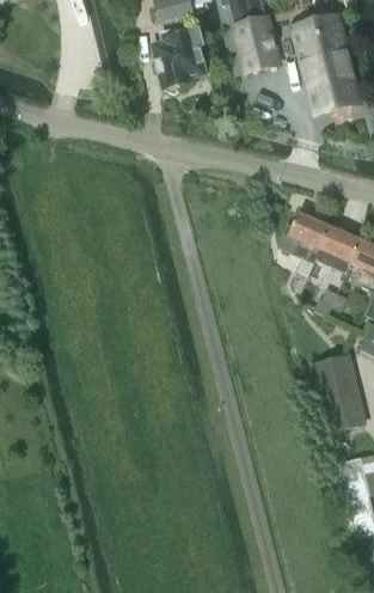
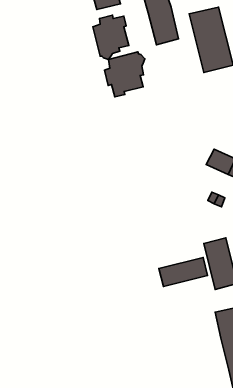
building: none -> [105,52,145,97]
building: [277,212,332,277] -> none
building: none -> [159,257,207,287]

